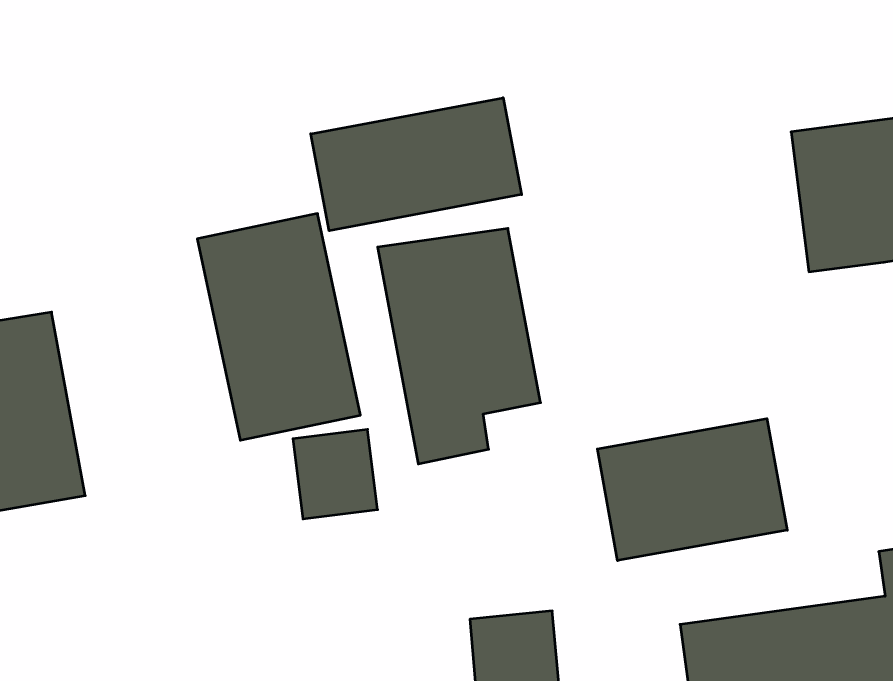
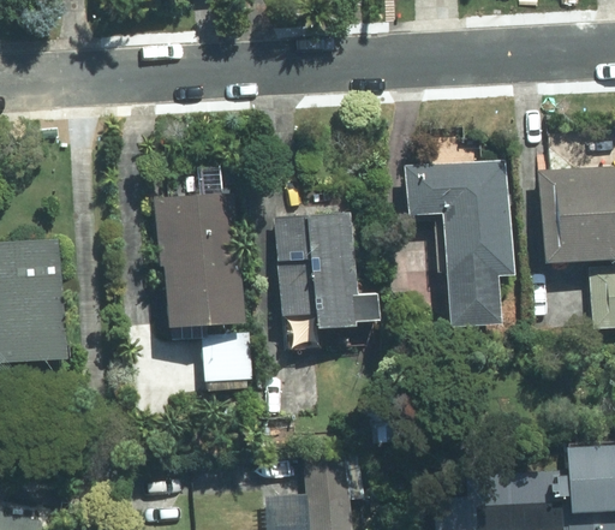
building: [311,98,522,231] -> none
building: none -> [405,161,517,326]
building: [597,419,787,561] -> none

